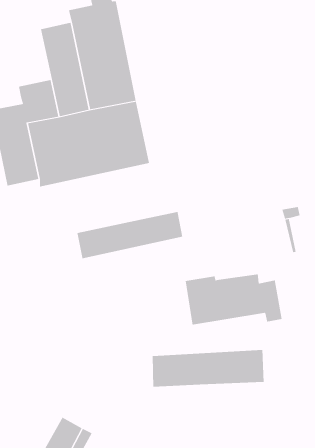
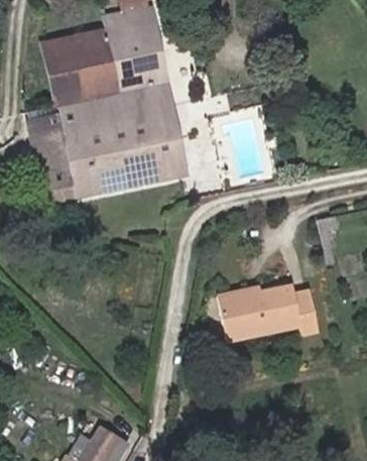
building: none -> [44,38,87,96]
building: [77,211,183,259] -> none
building: [152,349,264,388] -> none

